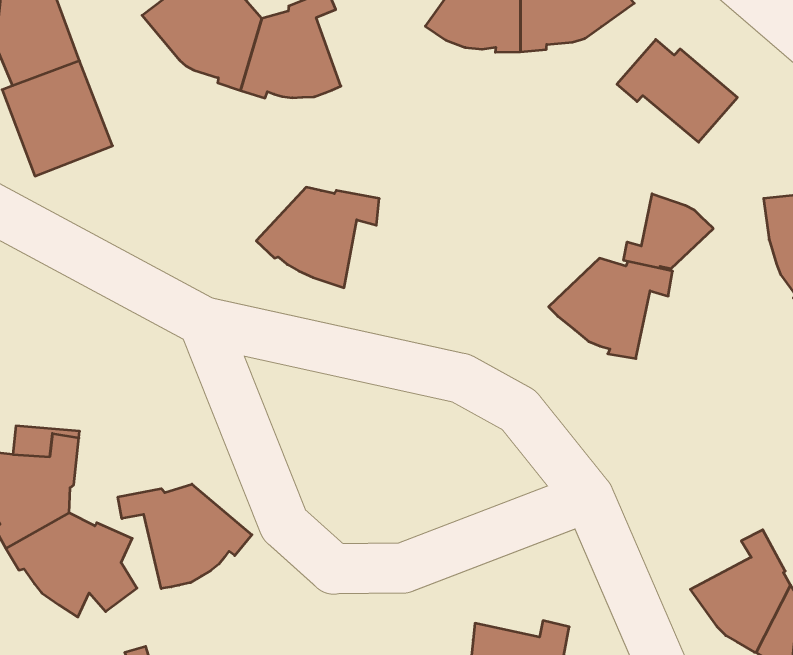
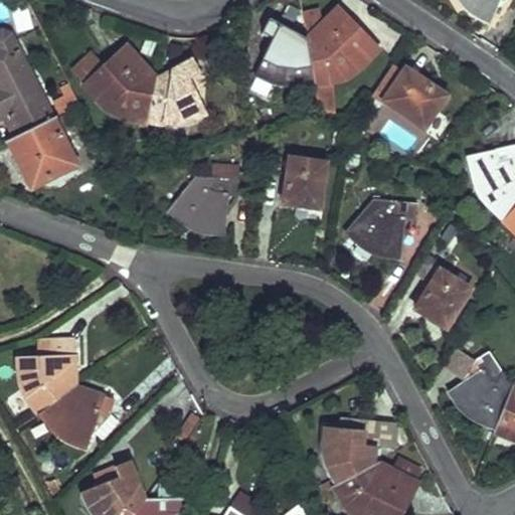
building: none -> [284,159,325,206]
building: [624,194,713,269] -> none
building: none -> [415,272,470,327]
building: [118,484,252,589] -> none

